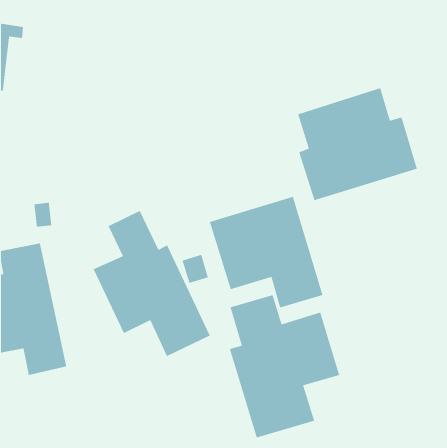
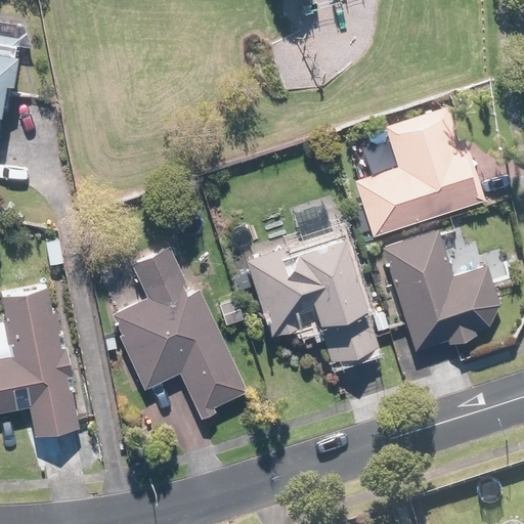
building: none -> [380,229,501,352]
building: [229,294,340,439] -> none

